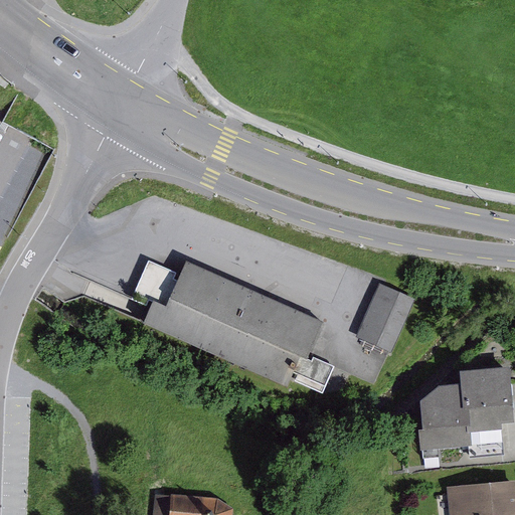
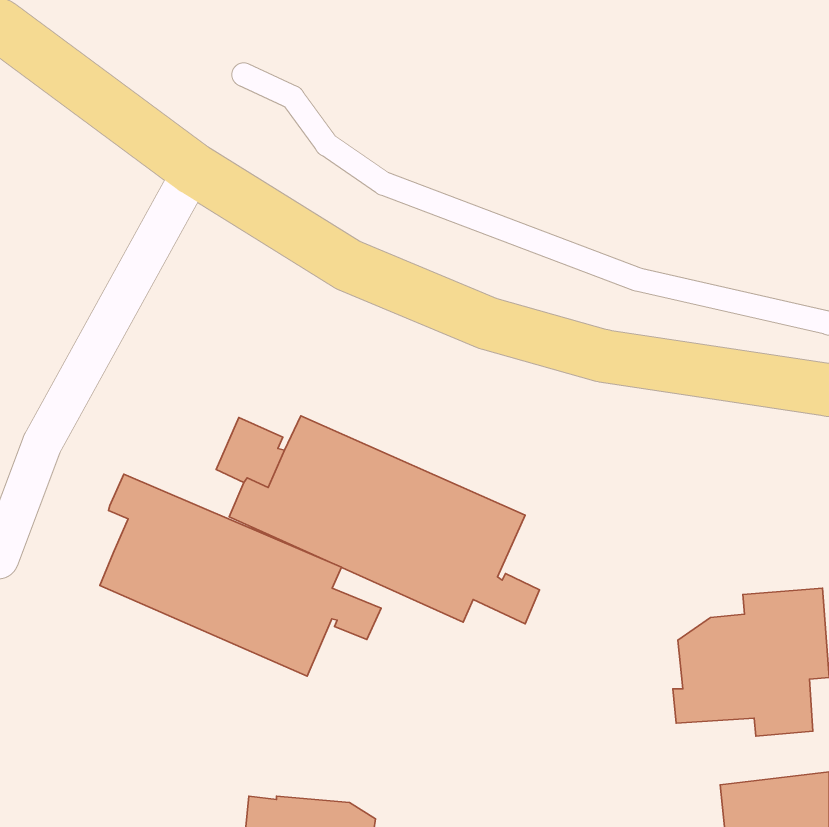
building: [355,284,414,353] -> none
building: none -> [100,474,381,676]

